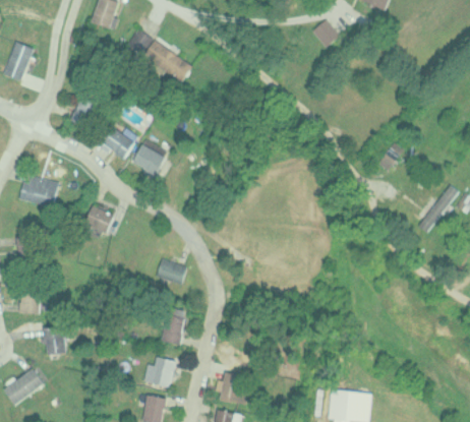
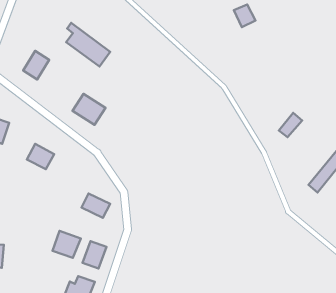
building: [139,35,192,83] -> [66,23,110,67]
building: [101,128,135,161] -> none
building: none -> [52,231,81,258]

